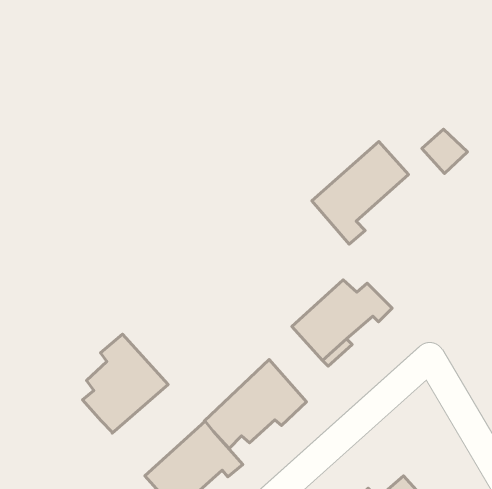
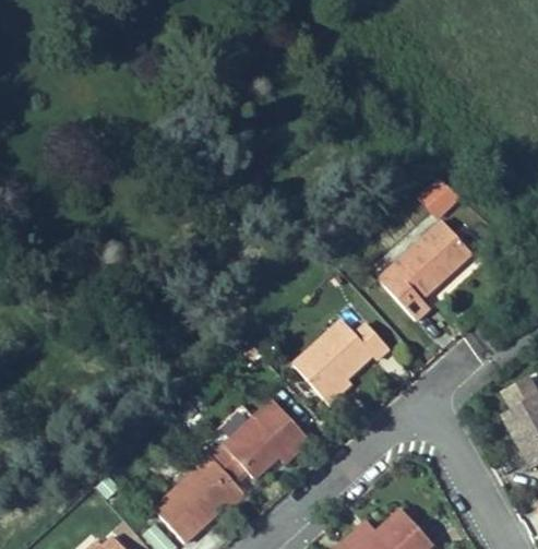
building: [312,141,409,244] -> [378,222,470,320]
building: [82,334,168,433] -> none

